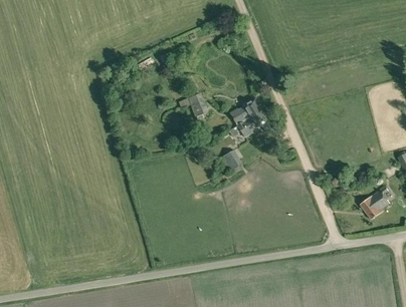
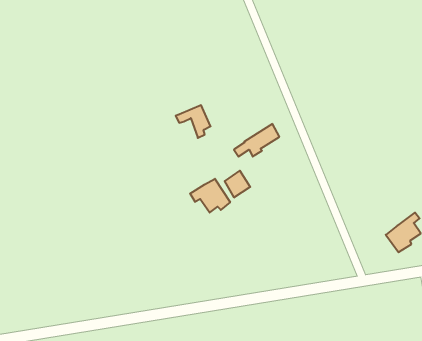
building: [230,99,262,124] -> none
building: none -> [190,179,230,213]

